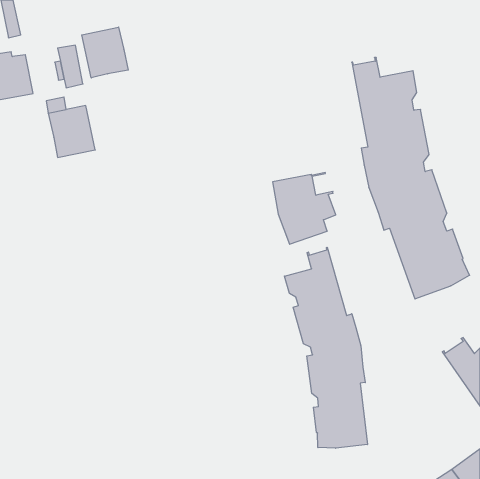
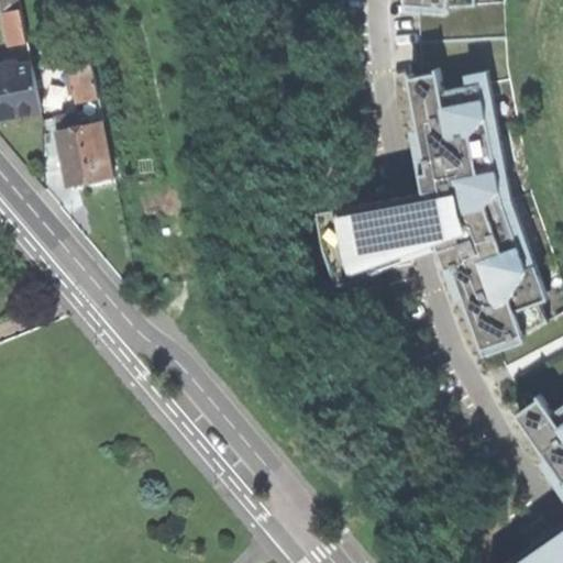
building: [82,27,128,78] -> none
building: none -> [363,196,441,273]
building: [284,247,367,448] -> none

